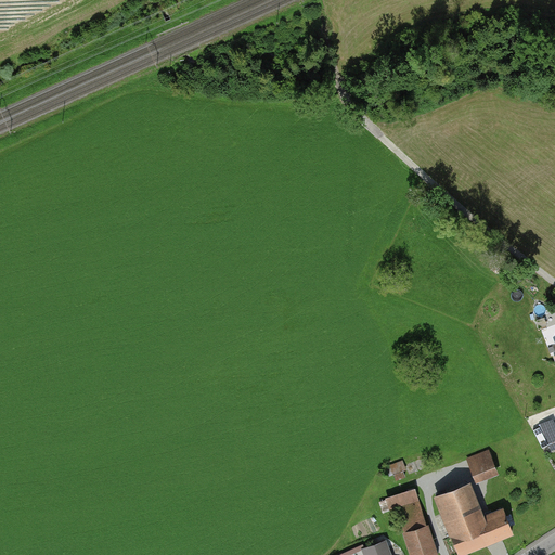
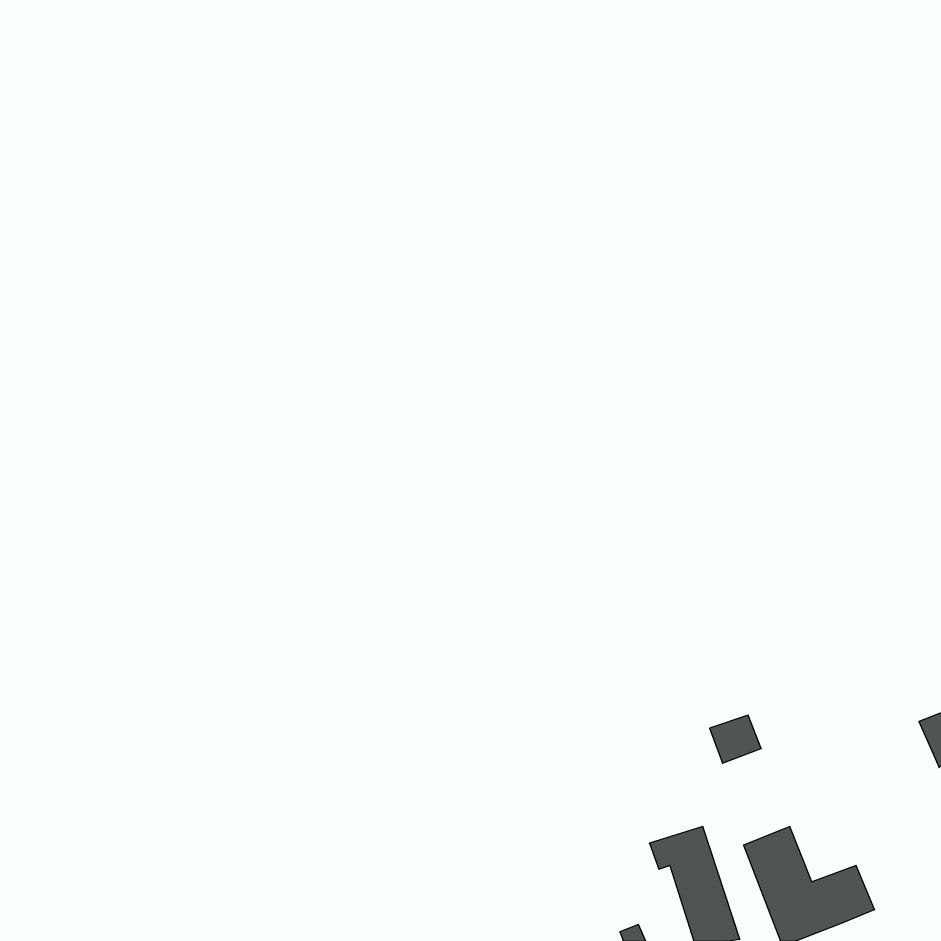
building: [466,452,496,480] -> [710,715,761,763]

